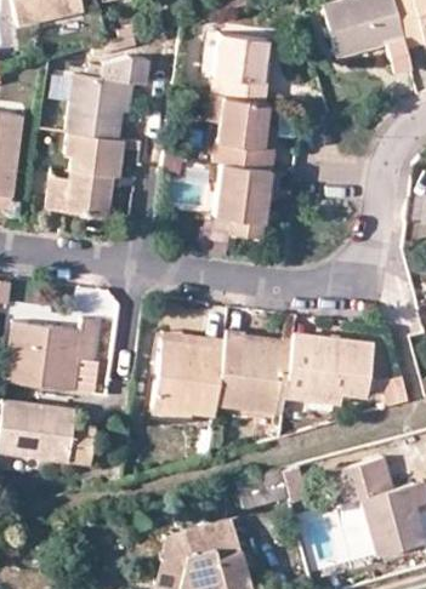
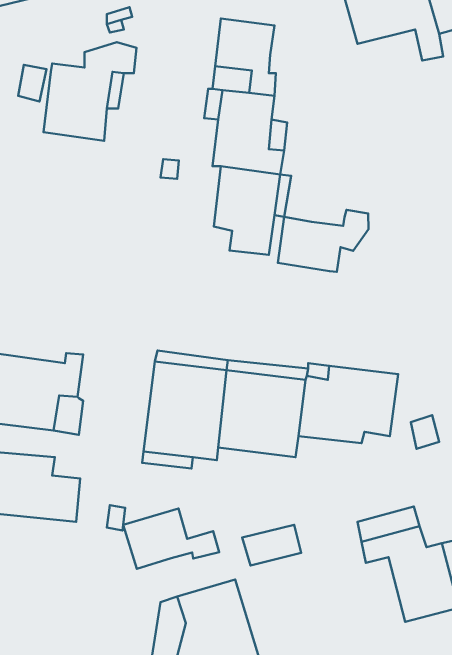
building: [47,132,124,213] -> none
building: none -> [278,210,368,272]
building: none -> [123,509,219,569]

